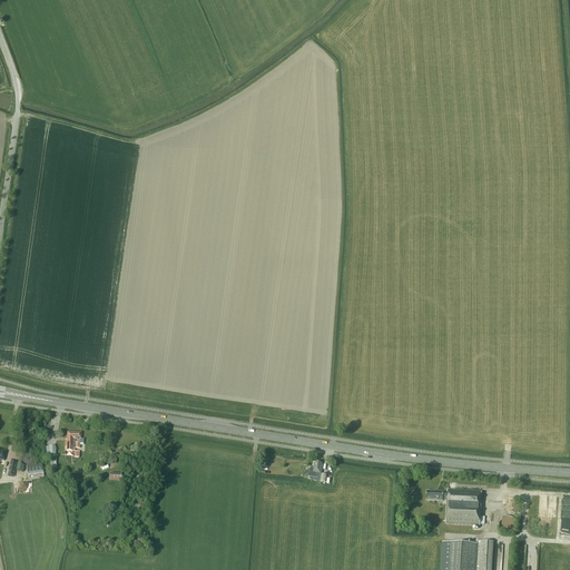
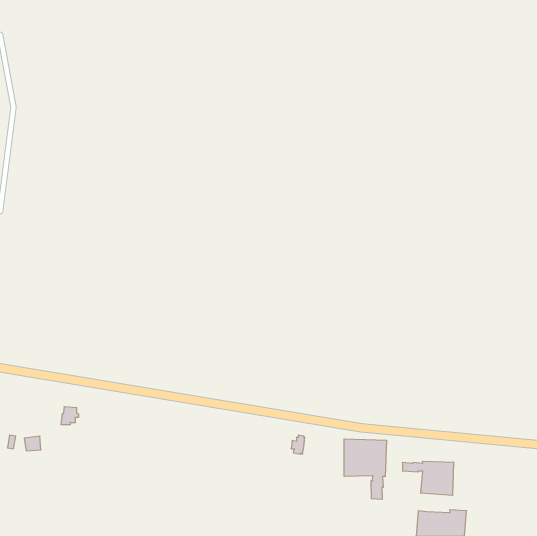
building: none -> [344,439,386,499]

